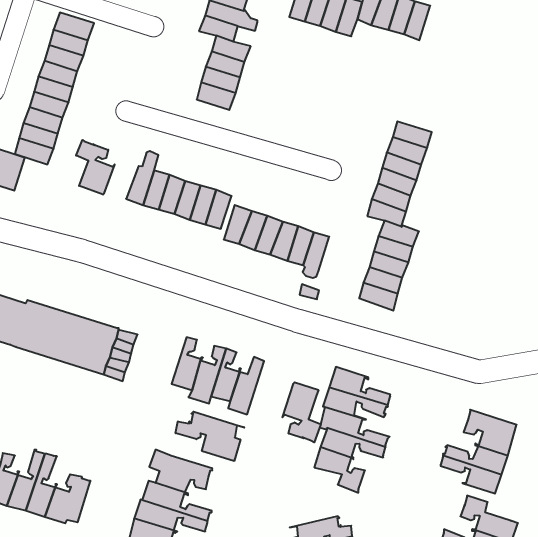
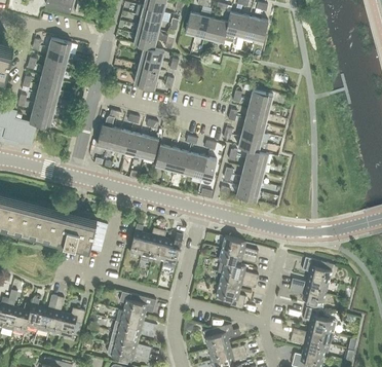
building: [76,140,115,195] -> none
building: [282,382,321,442] -> none
building: [176,412,244,461] -> none

